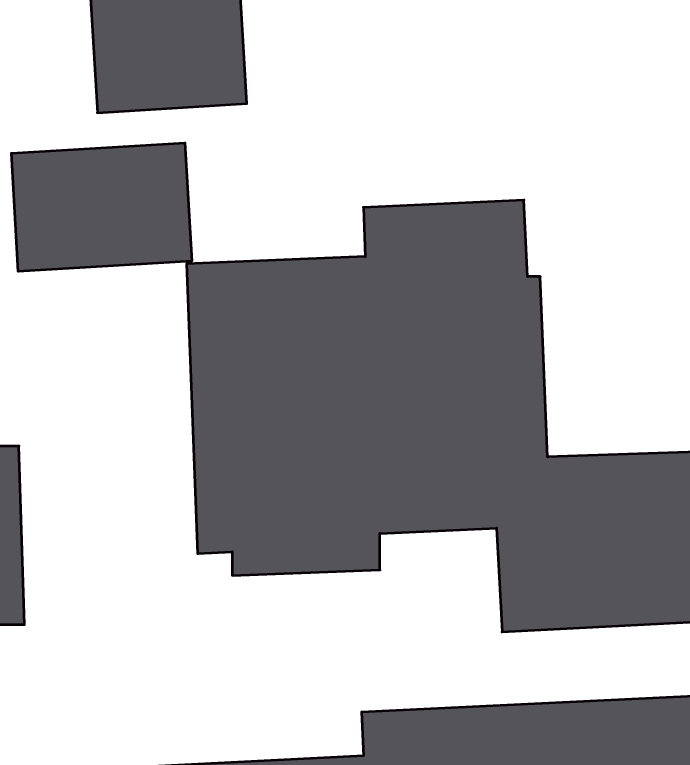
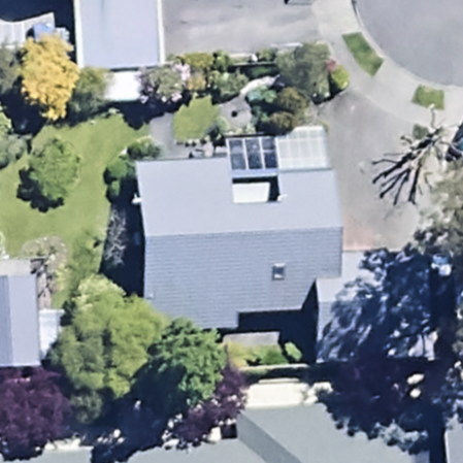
building: [11,143,192,271] -> none

